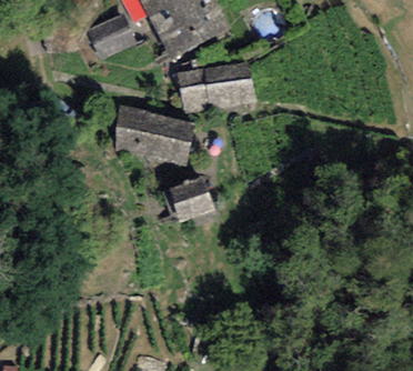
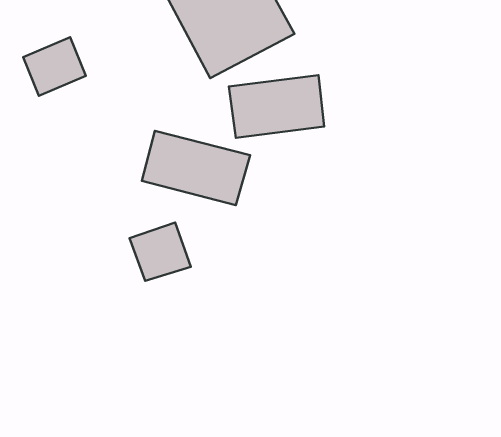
building: [85,10,134,56] -> [23,37,86,96]
building: [167,177,214,222] -> [130,222,191,281]

